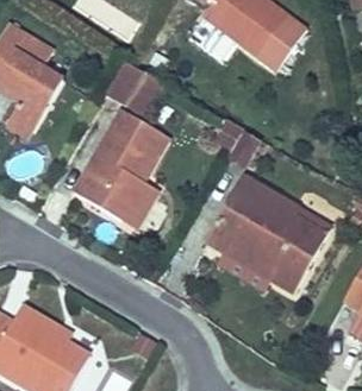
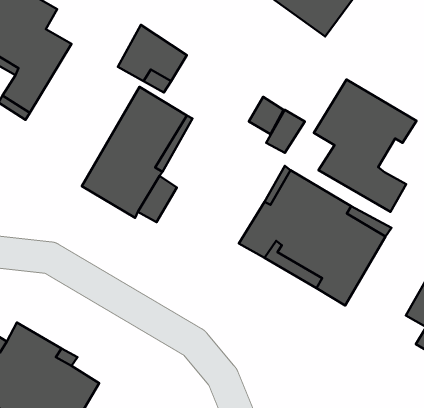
building: none -> [314,79,416,212]

